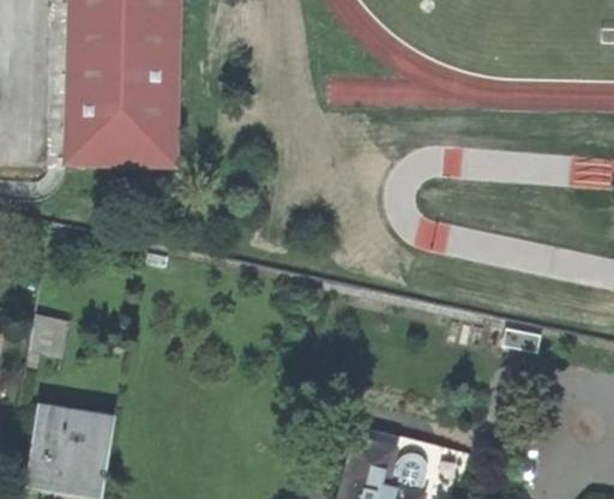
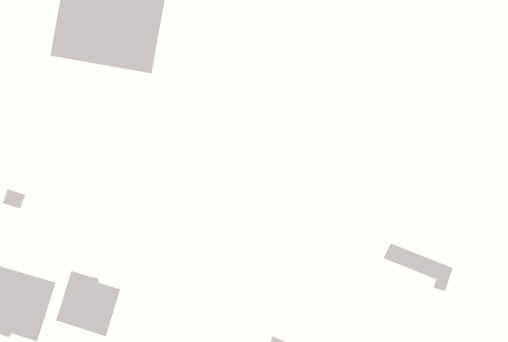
building: none -> [56,270,121,337]

